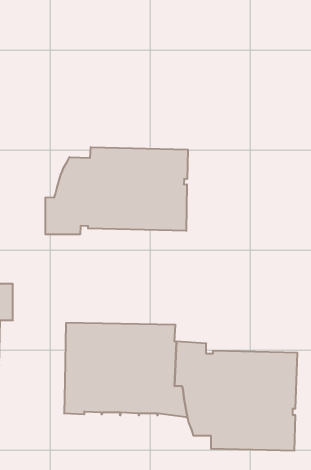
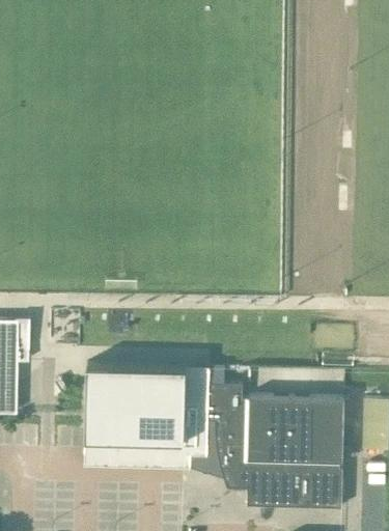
building: [45,147,188,234] -> none

